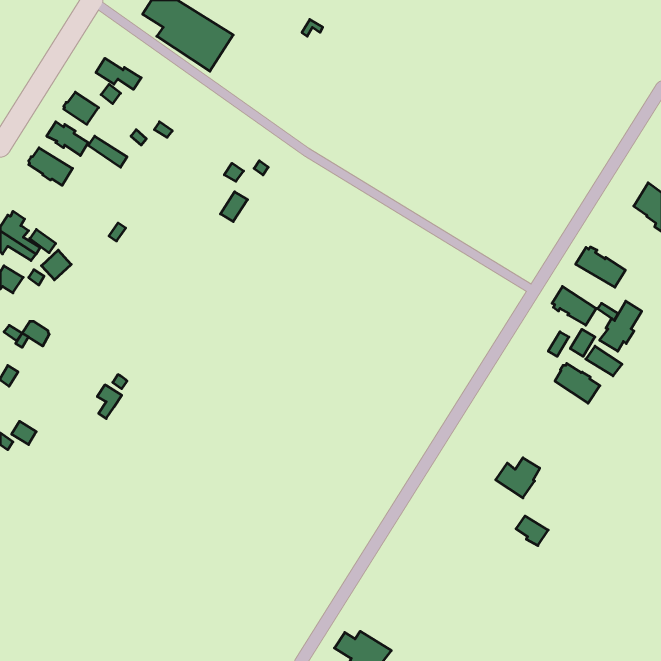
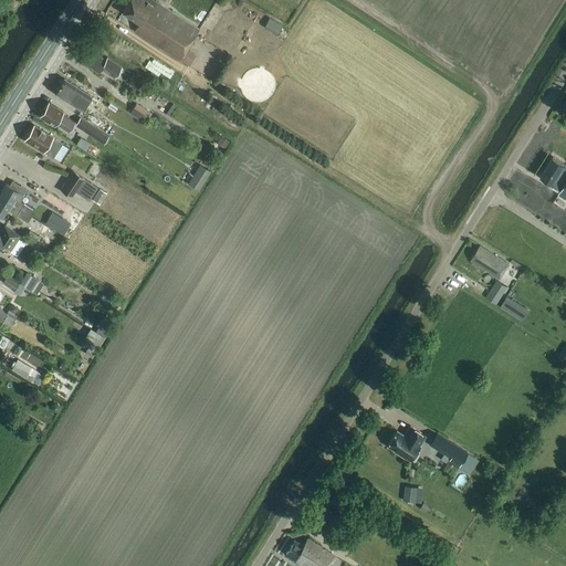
building: none -> [61,172,99,202]
building: [576,247,625,287] -> none
building: [600,301,642,351] -> none
building: [555,363,600,403] -> none
building: [496,458,540,498] -> [388,428,426,462]

